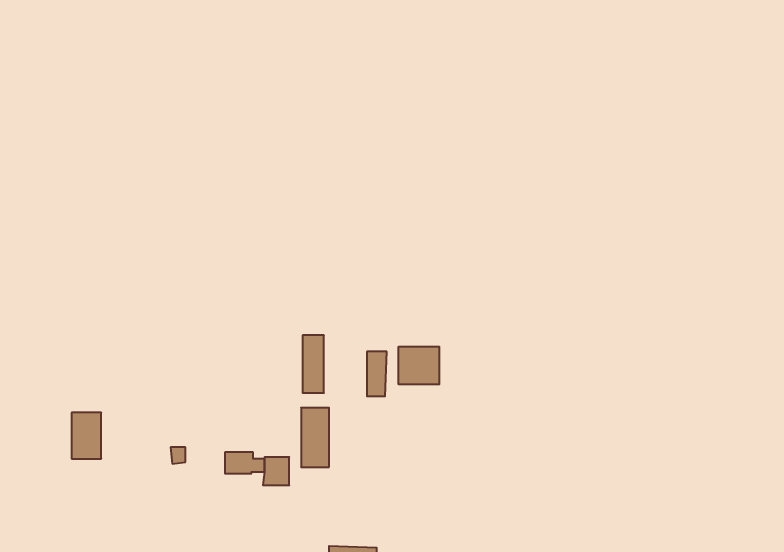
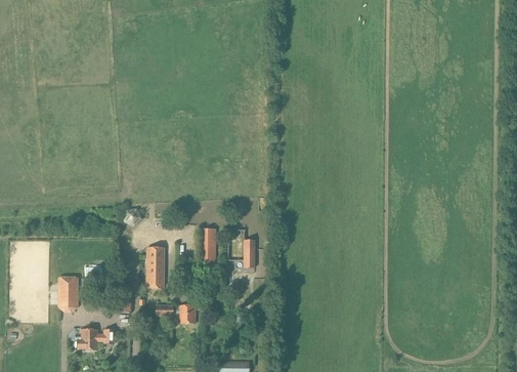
building: [399,347,439,384] -> none
building: [301,408,329,467] -> [147,248,165,285]
building: none -> [77,327,114,348]

